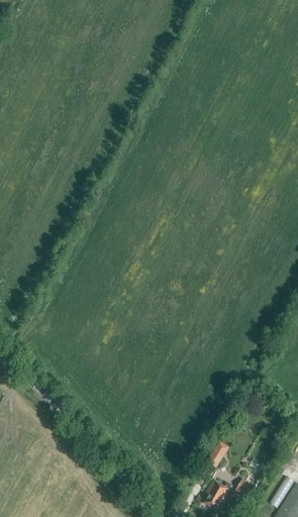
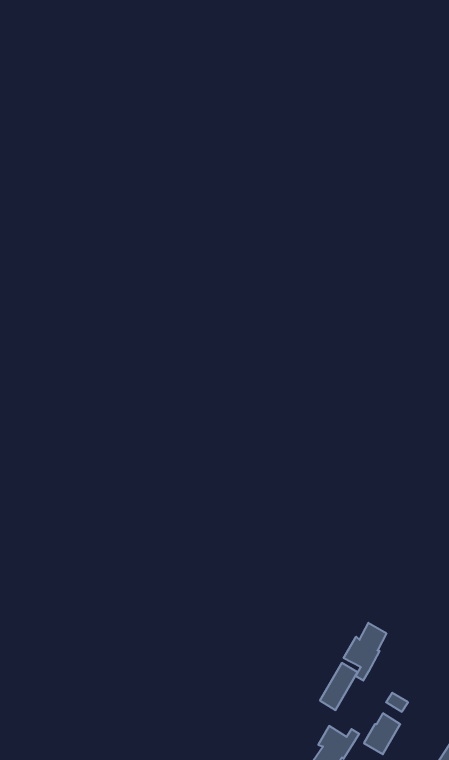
building: none -> [344,623,386,681]

